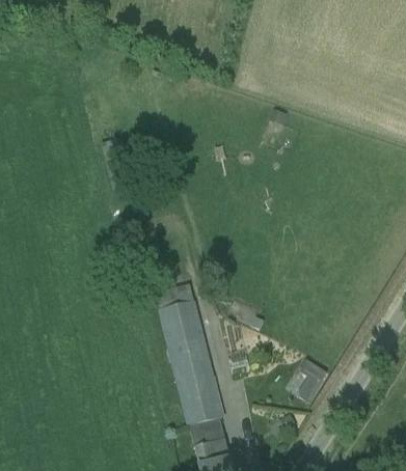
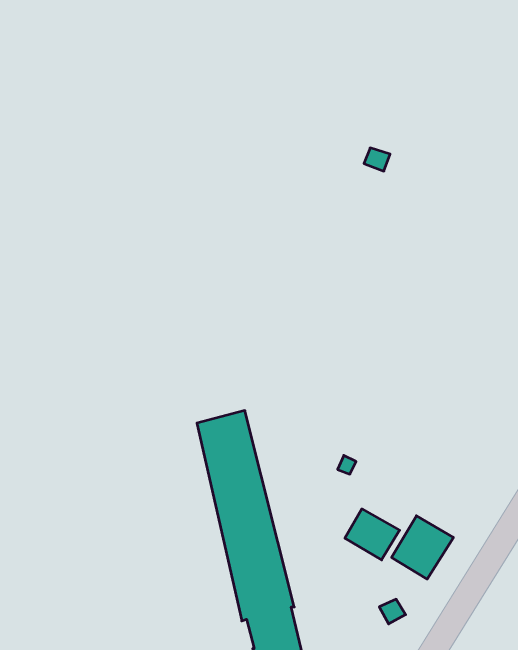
building: none -> [345,509,400,560]

